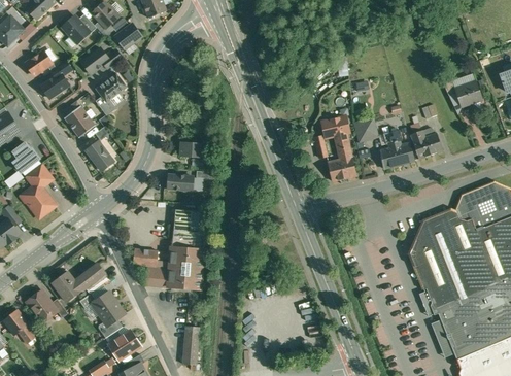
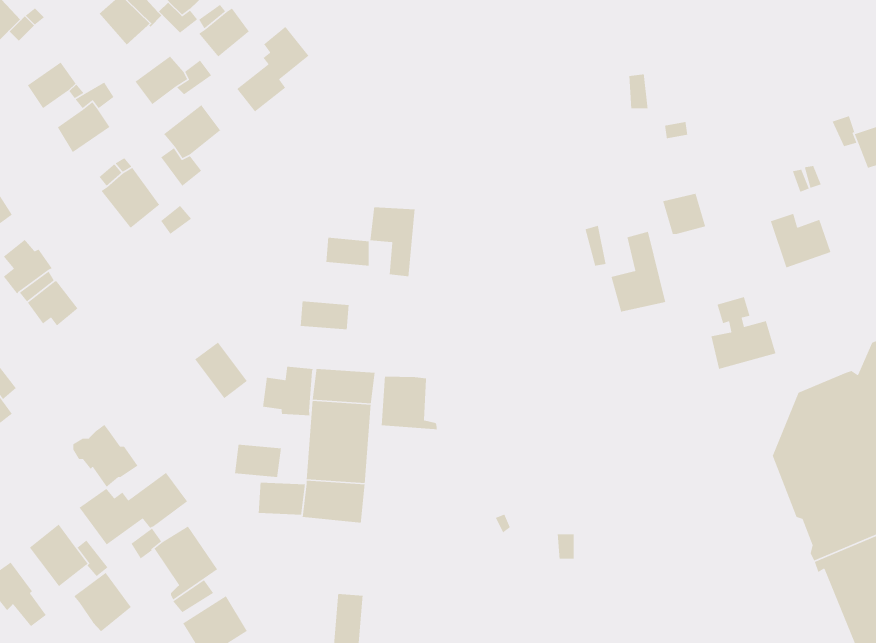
building: none -> [236,26,309,113]
building: [321,115,349,141] -> none
building: none -> [369,206,415,277]
building: [380,129,414,167] -> [711,296,776,370]
building: [86,140,113,170] -> [194,341,248,399]
building: [22,183,56,216] -> [73,424,138,488]
building: none -> [262,366,314,416]
building: none -> [381,376,439,430]
building: none -> [73,572,132,632]

